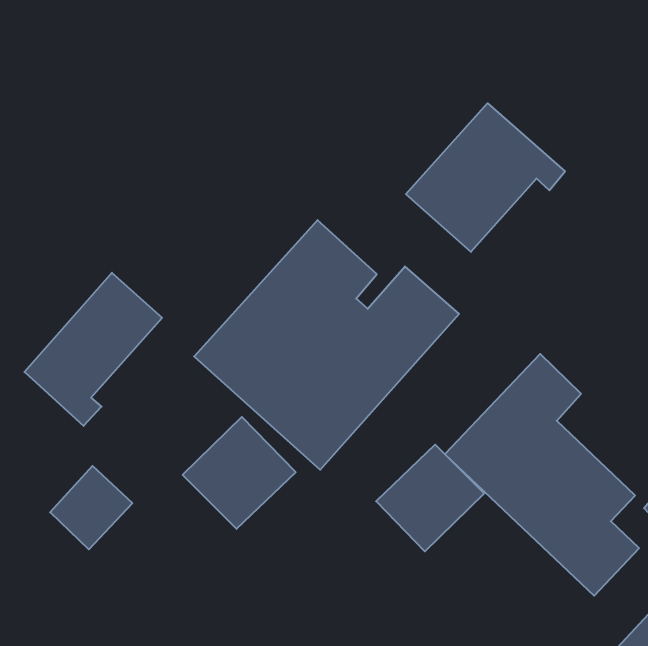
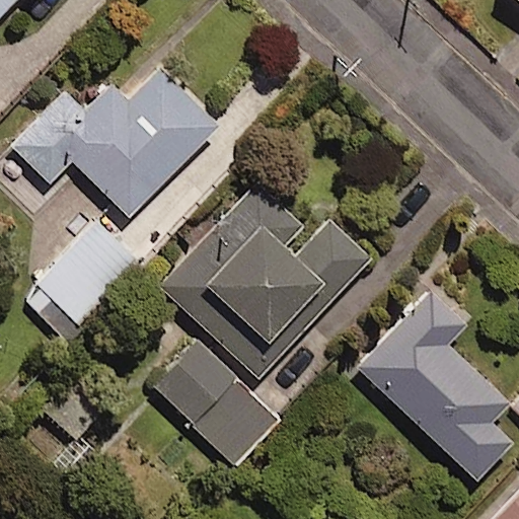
building: none -> [12,66,219,216]
building: [406,103,565,252] -> none
building: [376,445,484,551] -> [194,381,279,465]

